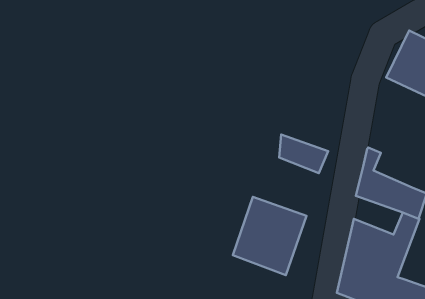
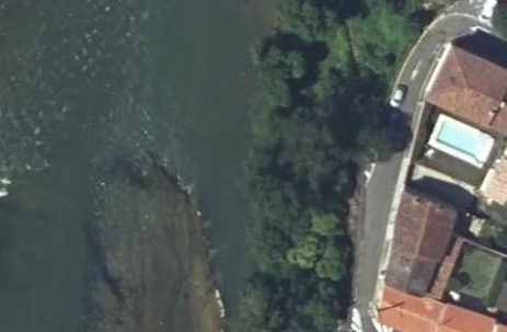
building: [279,134,328,173] -> [394,219,446,260]
building: [233,197,306,275] -> none

